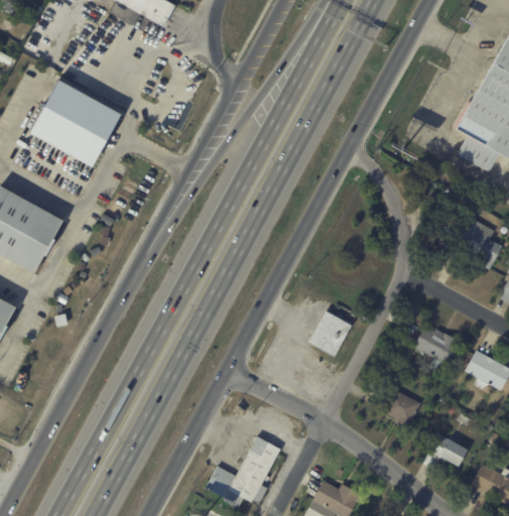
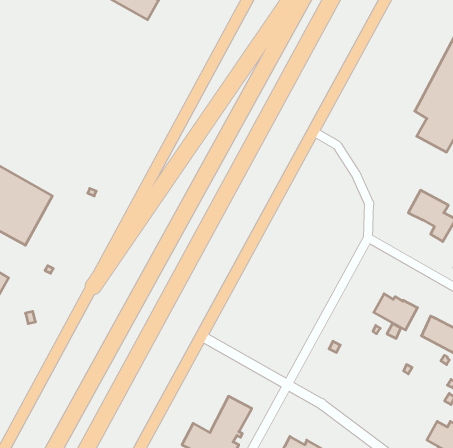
building: [31,79,121,164] -> none
building: [308,310,352,356] -> none
building: [381,388,419,427] -> none
building: [424,433,468,470] -> none

